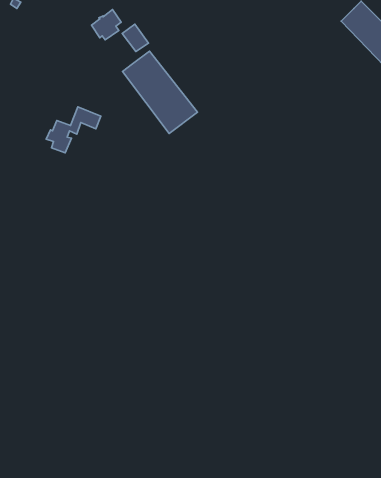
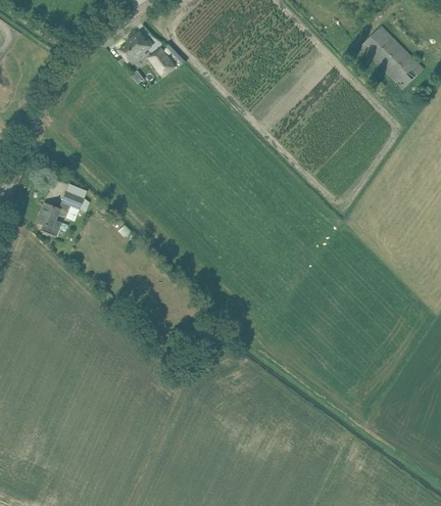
building: [122,51,198,134] -> none
building: [46,107,101,153] -> [36,189,89,234]

